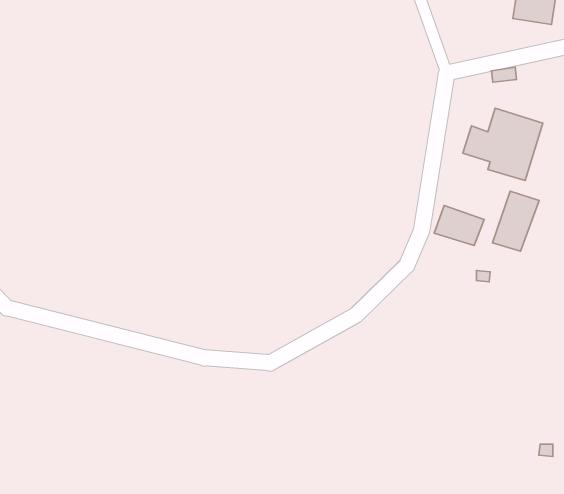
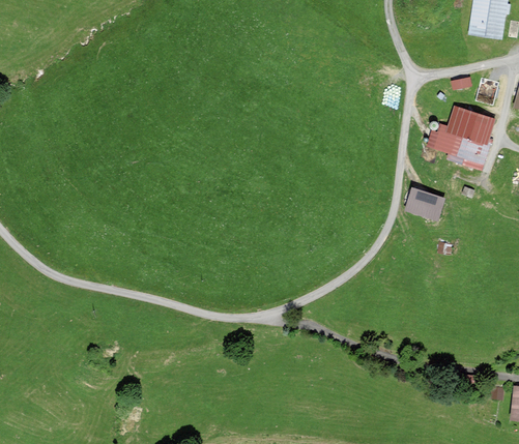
building: [492,191,539,251] -> none

